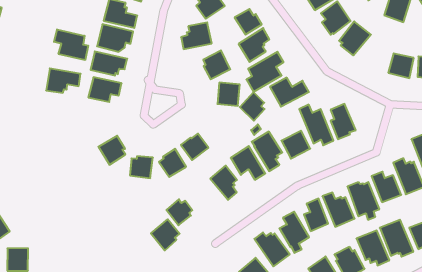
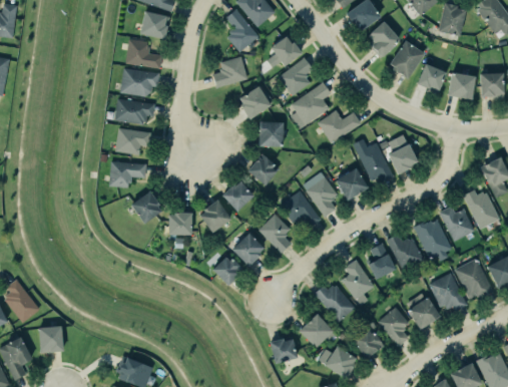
building: [54,29,88,60] -> none
building: none -> [418,64,447,91]
building: [46,68,81,93] -> [109,161,146,187]
building: [240,92,265,121] -> [248,153,277,185]
building: [151,219,180,250] -> [232,233,265,268]

